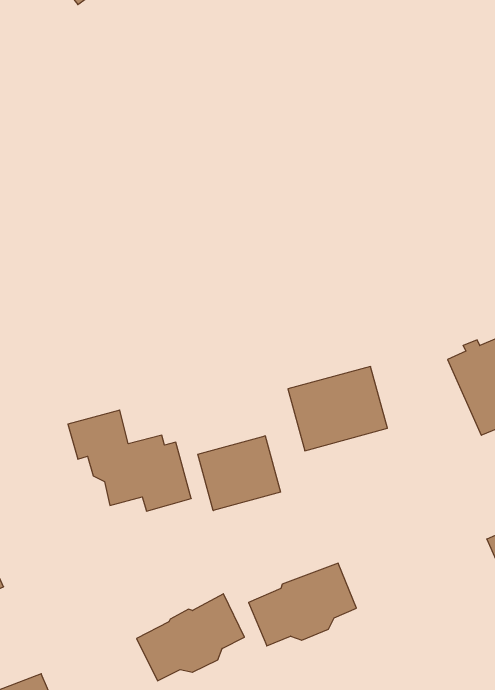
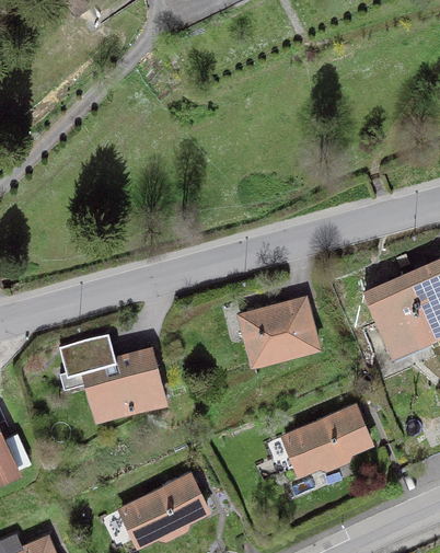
building: [198,436,280,511] -> none
building: [249,563,356,646] -> [283,407,368,472]

